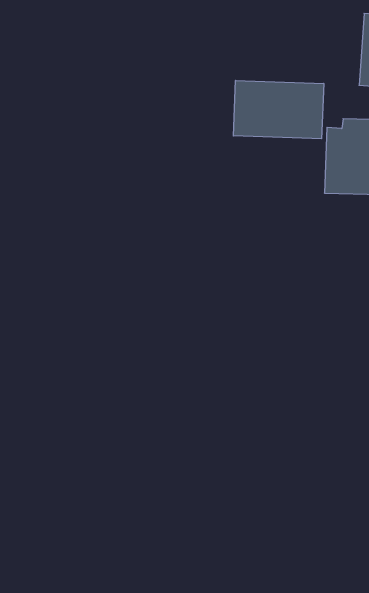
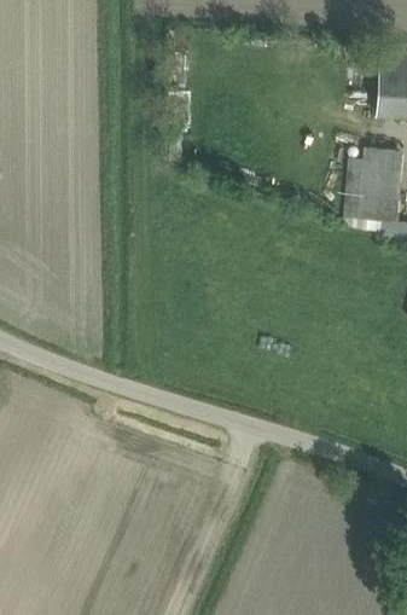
building: [233,80,324,139] -> none

